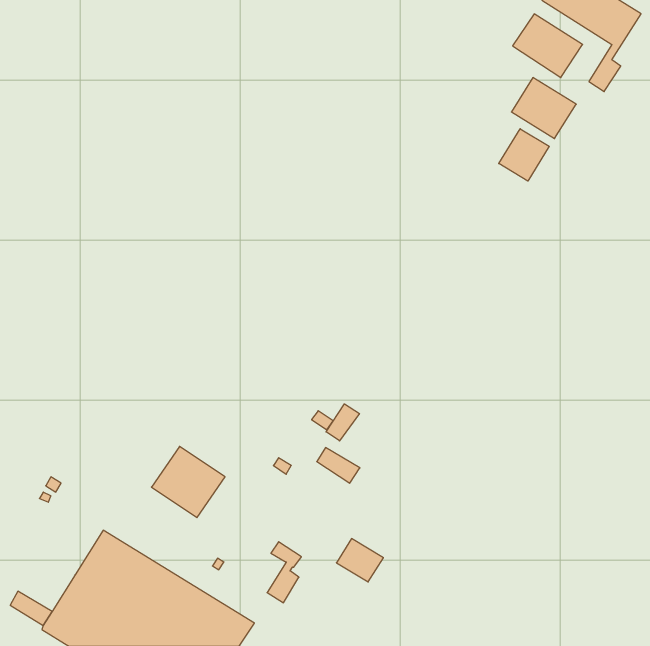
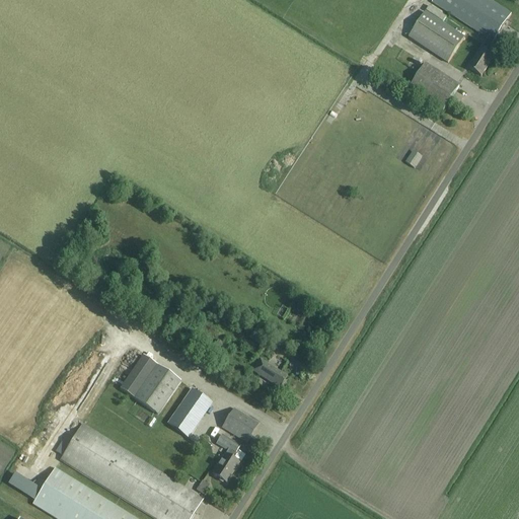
building: [499,129,549,181] -> none
building: [326,404,359,441] -> none
building: none -> [166,387,211,435]
building: [336,539,383,582] -> [221,406,258,441]

